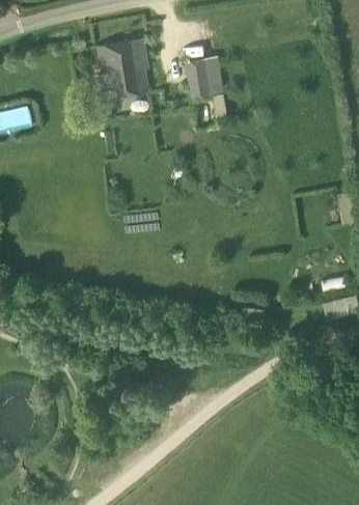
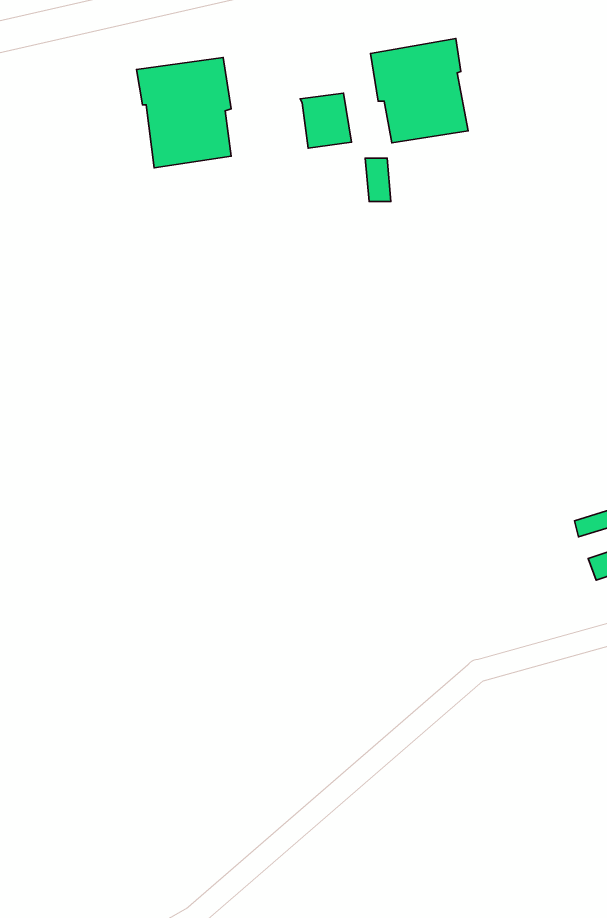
building: none -> [370,39,468,143]

